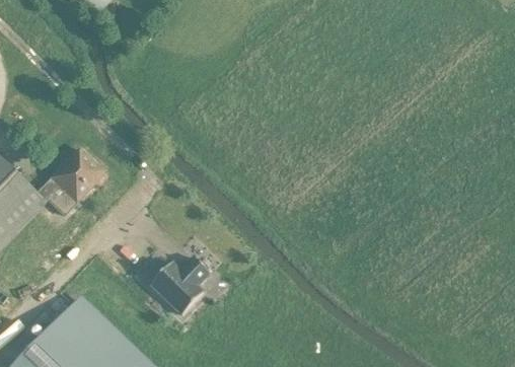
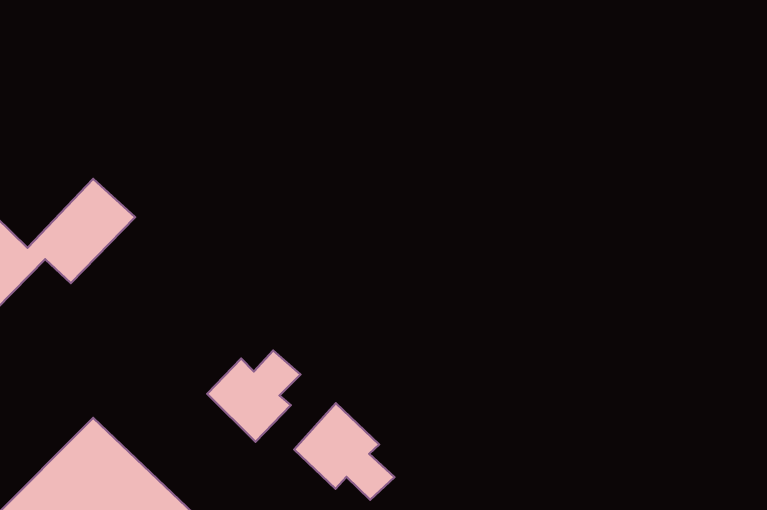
building: none -> [294,403,395,500]

